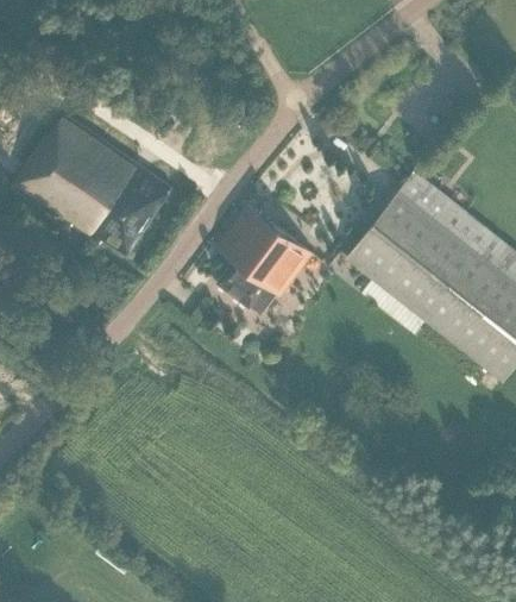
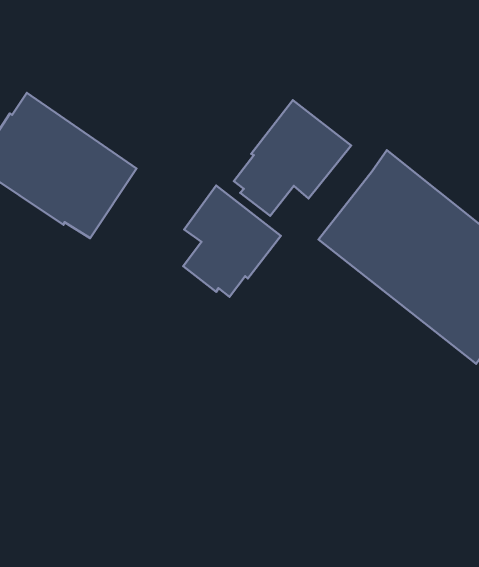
building: none -> [234,100,351,216]

